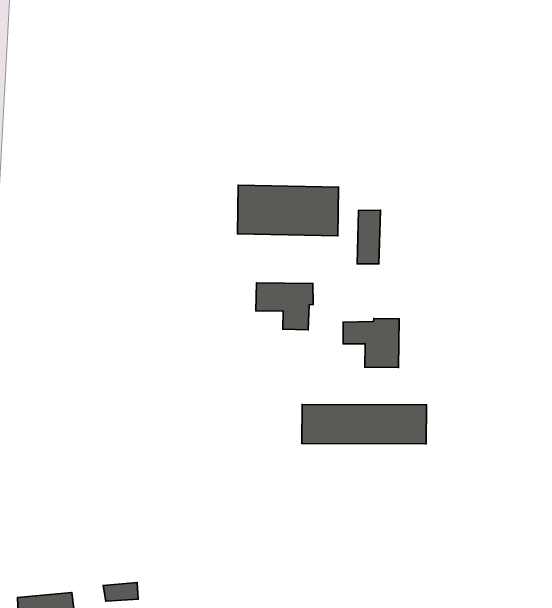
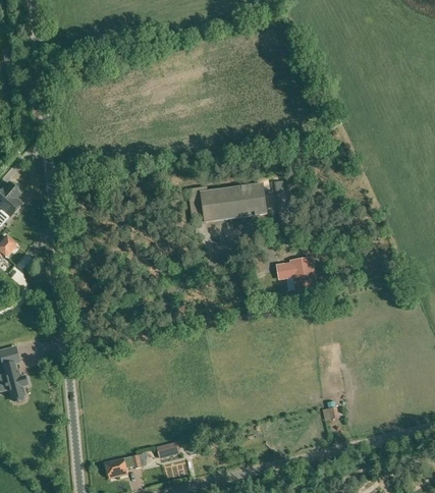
building: [256,283,313,330] -> none
building: [302,404,426,444] -> none

